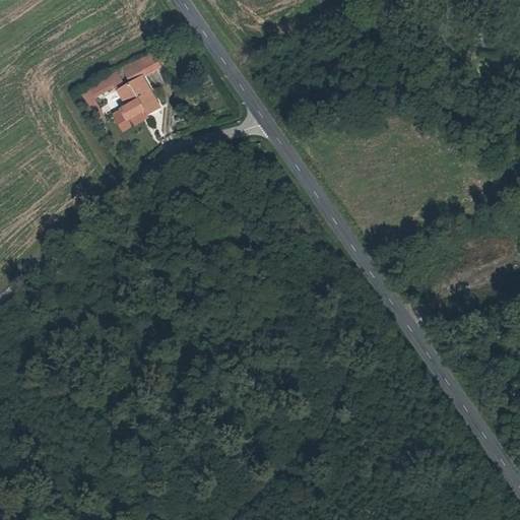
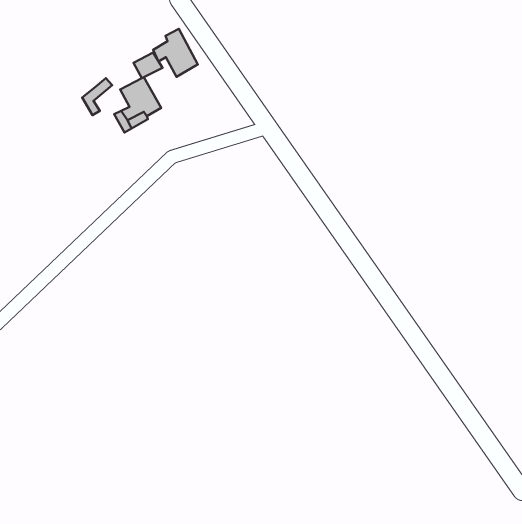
building: none -> [153,29,198,77]

